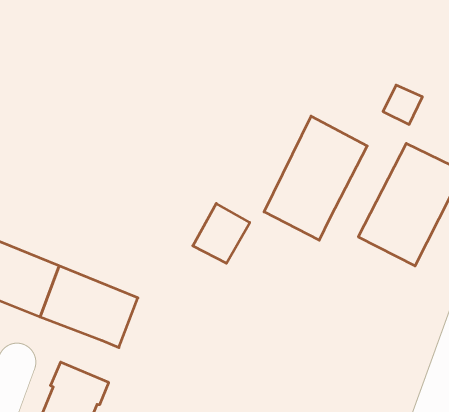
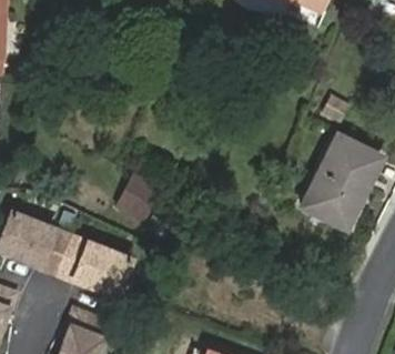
building: [264,116,367,240] -> none
building: [193,203,250,263] -> [113,172,156,218]

